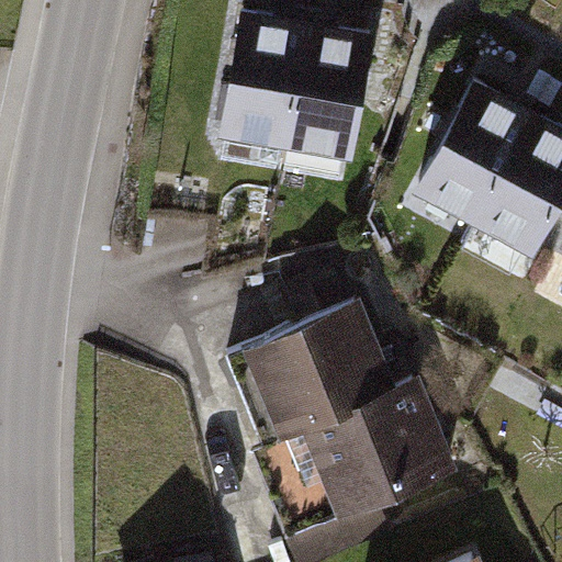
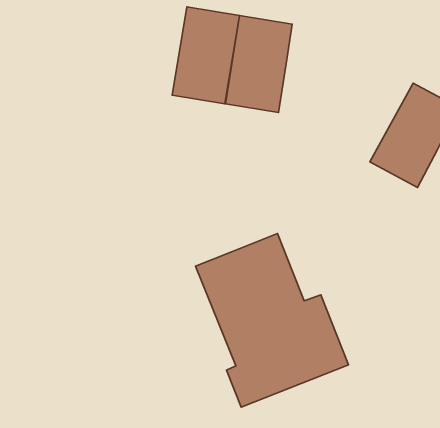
building: [413,90,527,222] -> none

